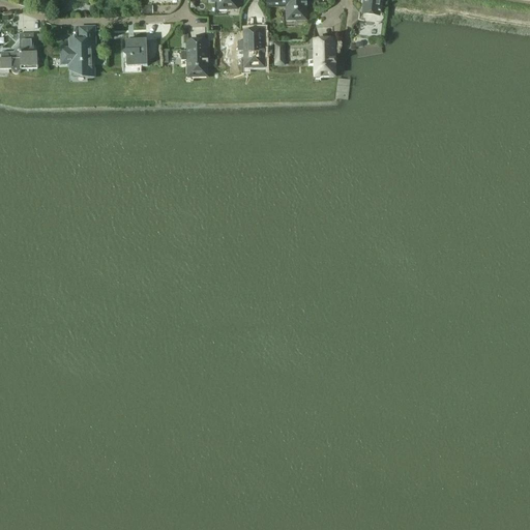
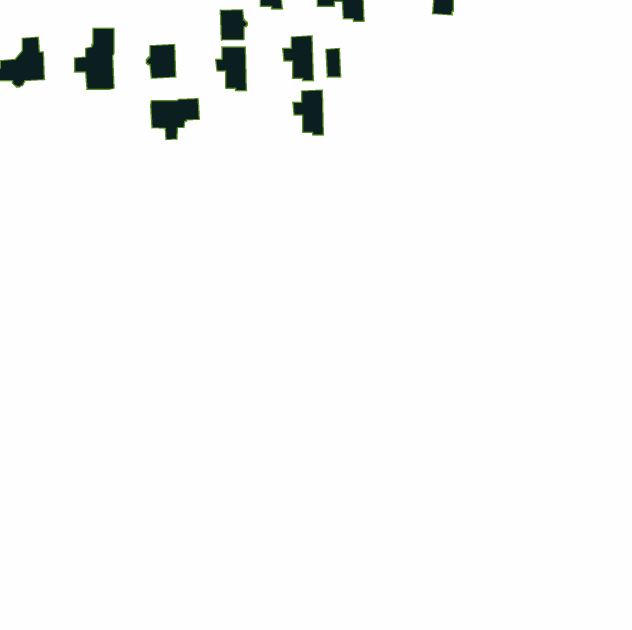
building: none -> [220,10,247,40]
building: [306,37,332,75] -> [293,90,324,135]
building: none -> [151,98,199,140]

